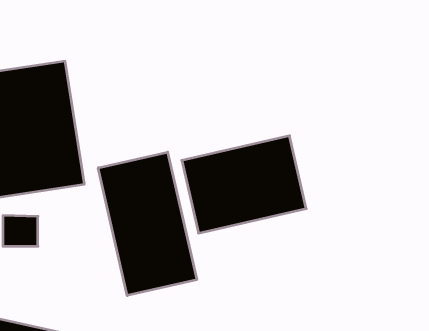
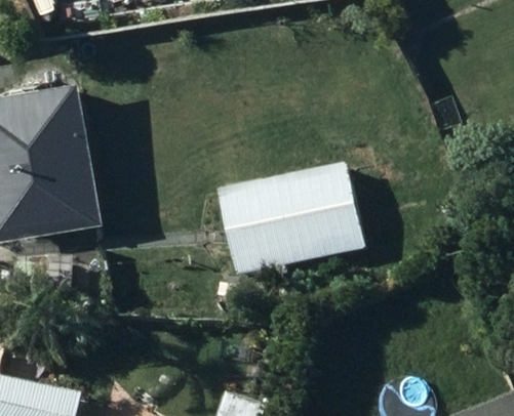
building: [98,152,197,296] -> none

